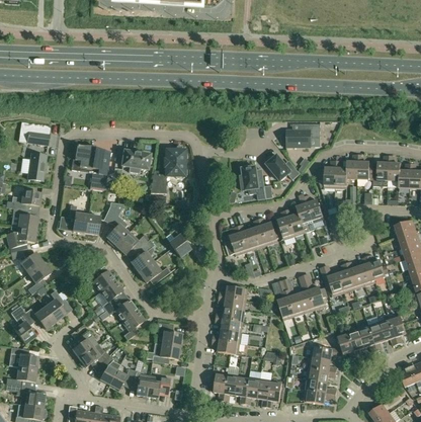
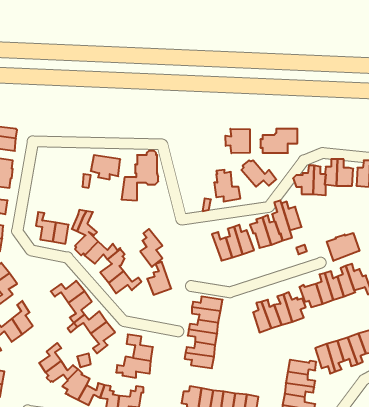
building: none -> [225,129,250,153]
building: [71,146,110,191] -> none
building: none -> [327,233,359,261]
building: [224,226,247,257] -> [147,262,171,295]

